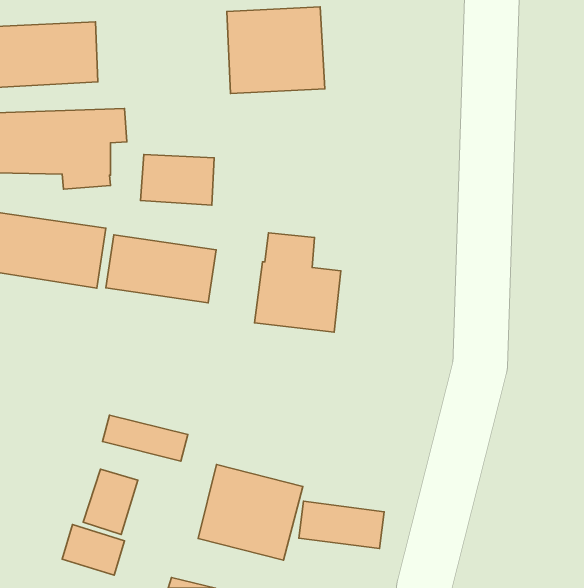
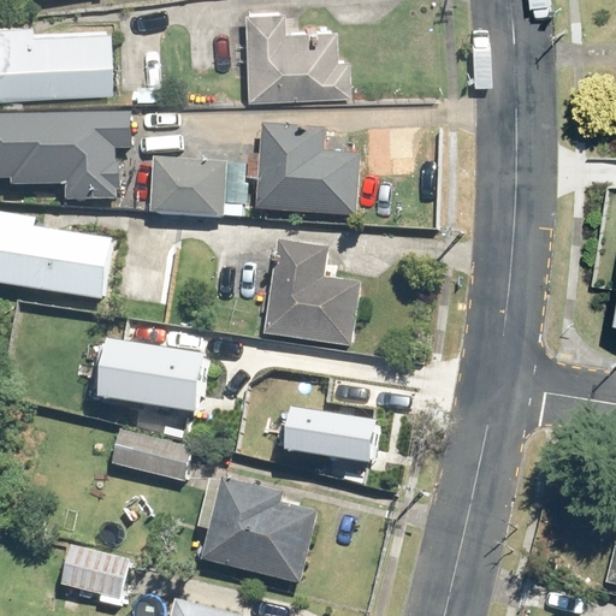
building: none -> [257,125,362,219]
building: [106,235,216,303] -> [97,338,213,409]
building: [83,469,138,535] -> none
building: [299,501,384,549] -> [294,407,383,456]

